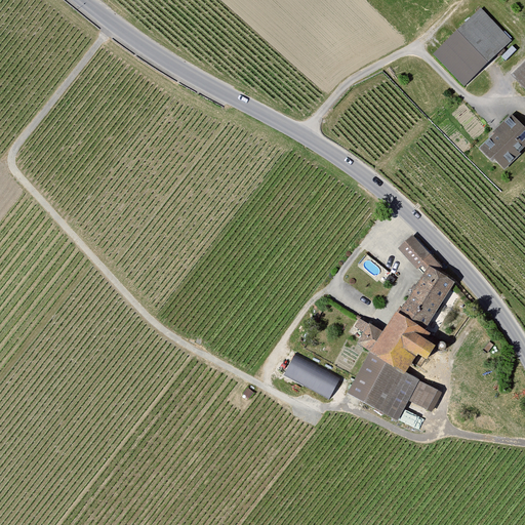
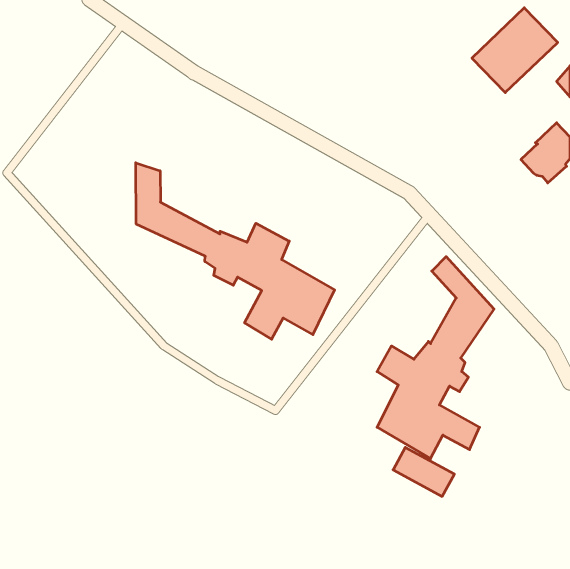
building: none -> [136,163,335,339]
building: [283,352,339,397] -> [393,447,454,496]

